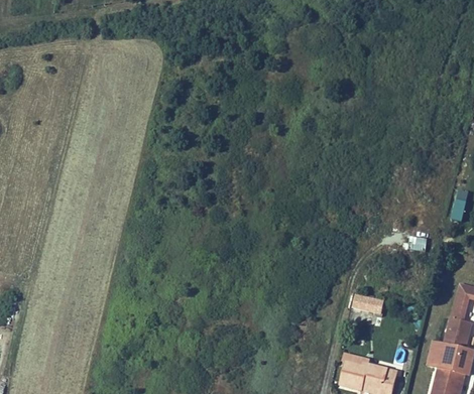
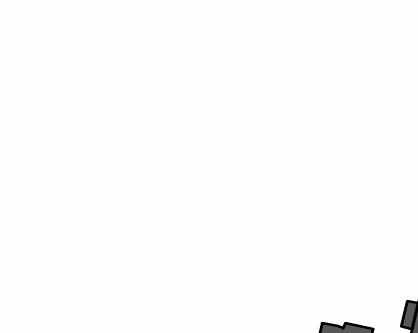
building: [351,295,383,315] -> none

